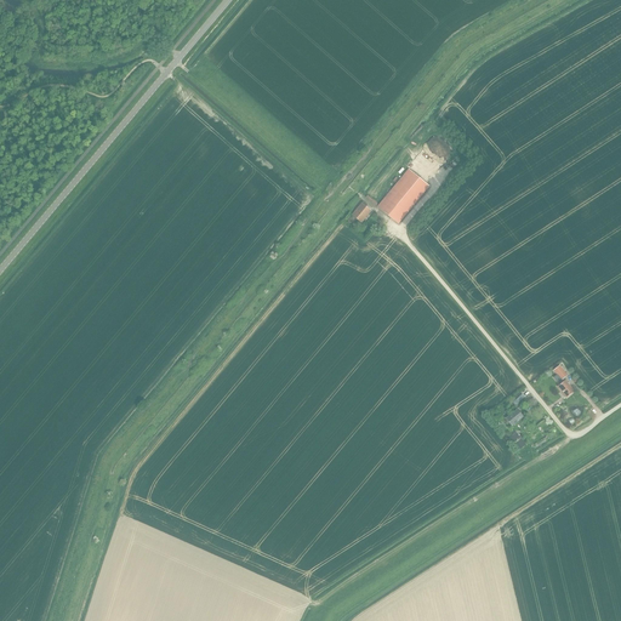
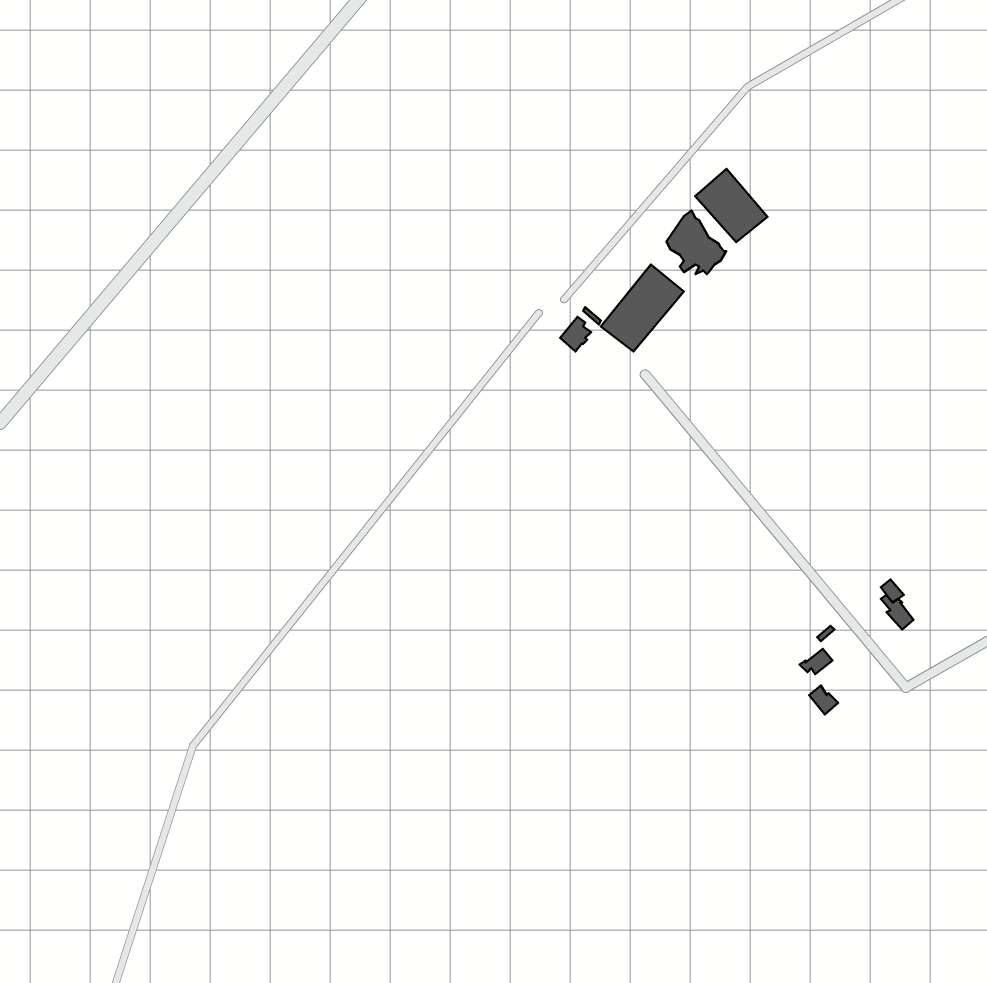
building: none -> [695,169,767,242]

